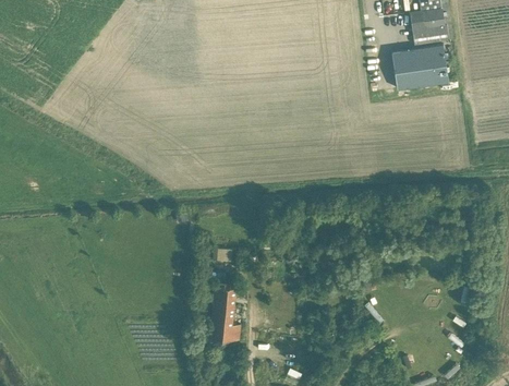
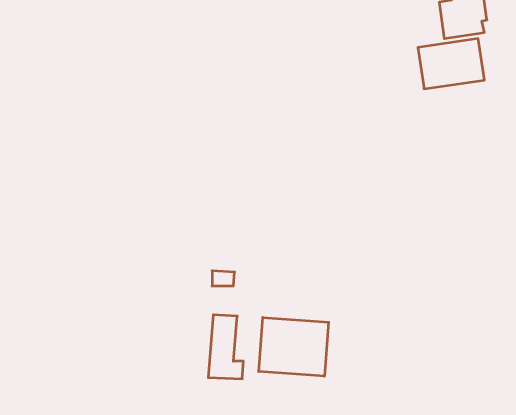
building: none -> [259,317,329,376]

